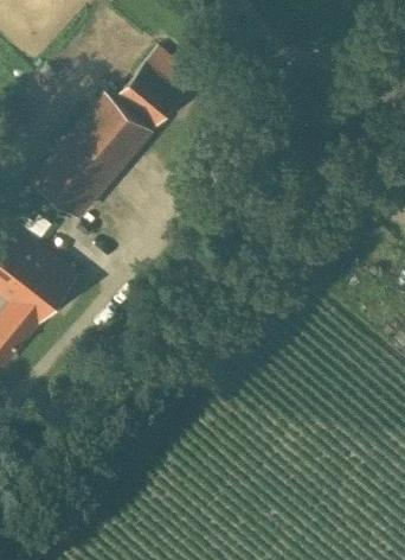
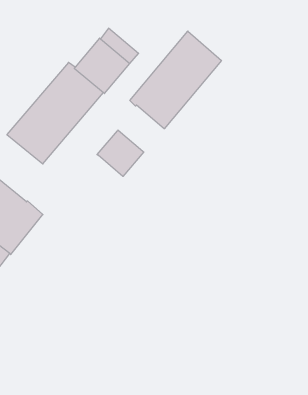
building: none -> [130,31,221,129]
building: none -> [97,130,144,176]

